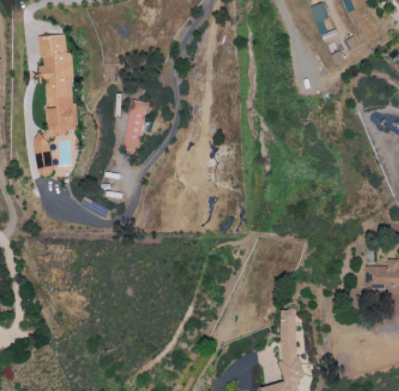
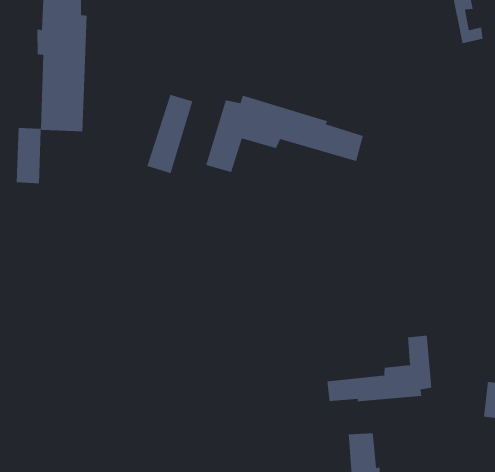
building: none -> [205,95,364,173]
building: none -> [327,335,432,402]

